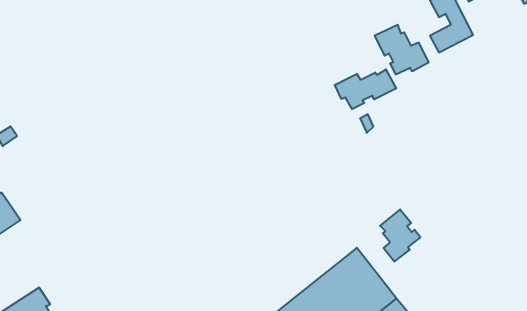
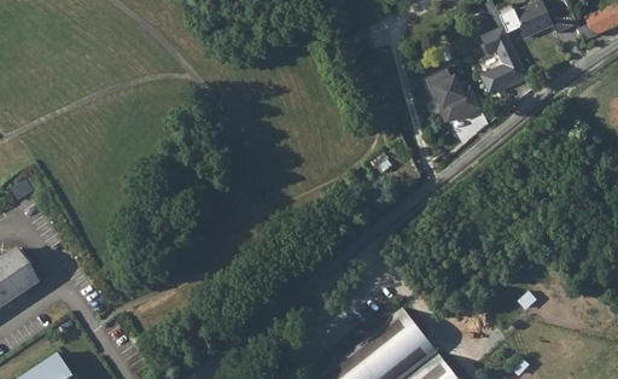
building: [335,69,396,109] -> none
building: [380,209,420,262] -> none

